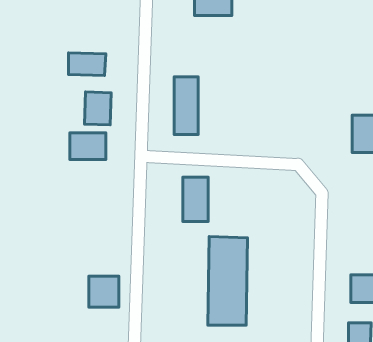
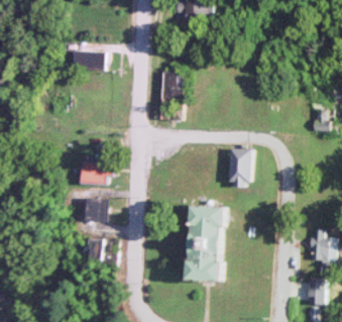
building: [84,92,111,125] -> none
building: [70,133,106,159] -> [80,160,110,183]
building: [183,177,208,222] -> [229,147,250,185]
building: none -> [85,197,108,221]

